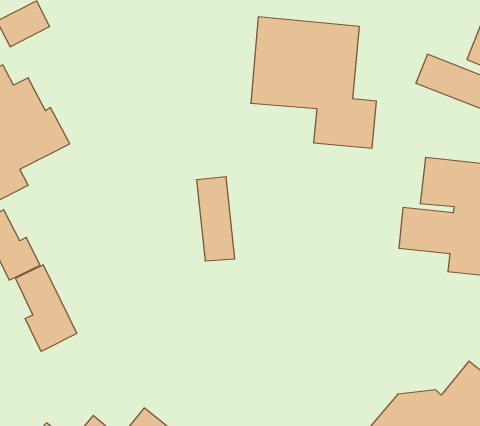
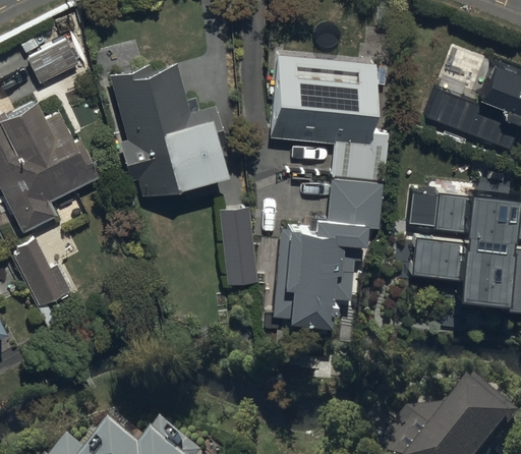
building: none -> [110,64,226,196]
building: none -> [274,180,382,325]
building: [16,265,77,351] -> none

